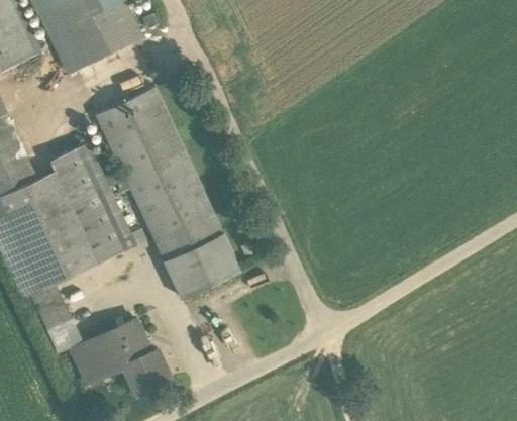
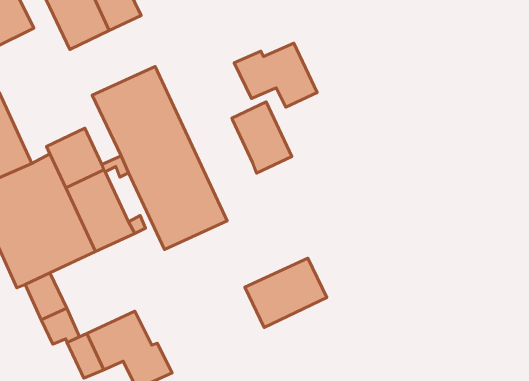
building: none -> [234,43,317,107]
building: none -> [232,102,292,173]
building: [164,233,241,299] -> [245,258,327,327]

